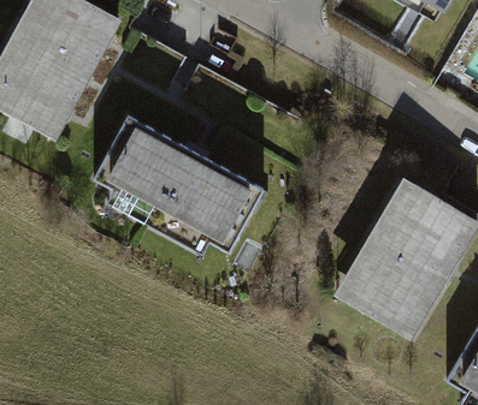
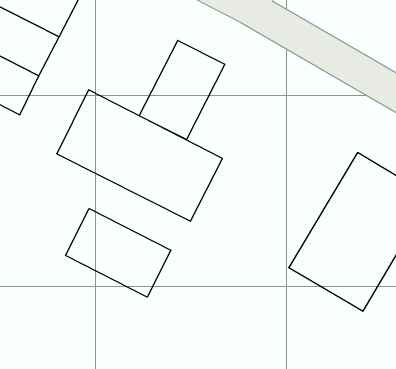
building: none -> [139,40,225,140]
building: none -> [66,209,171,297]

